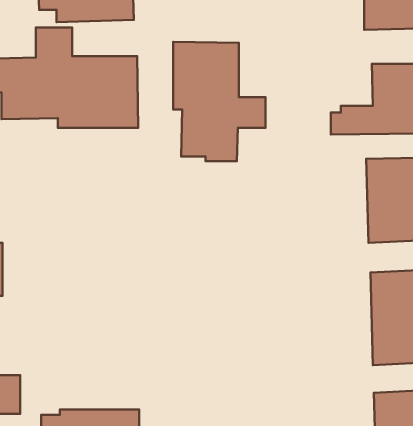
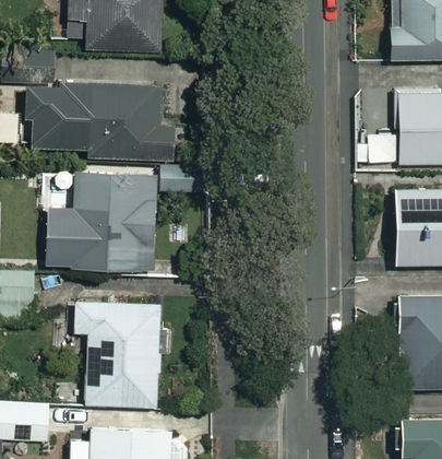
building: [173,42,265,161] -> none
building: none -> [46,172,155,270]
building: none -> [74,299,159,407]

